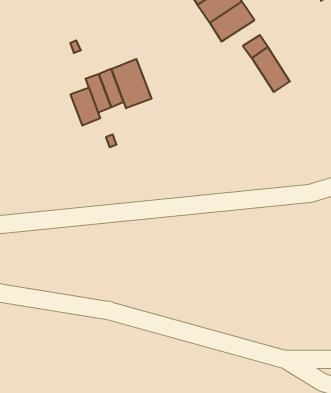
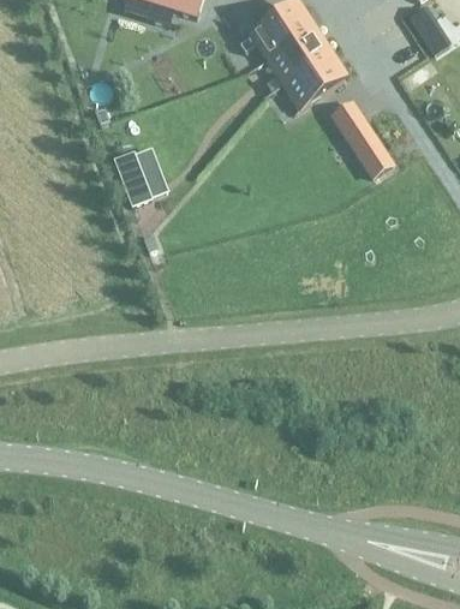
building: [111,59,152,108] -> none
building: [71,88,100,126] -> none

